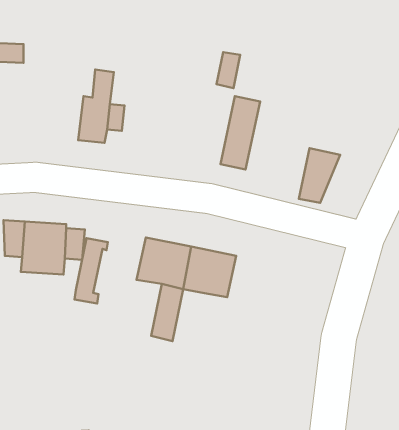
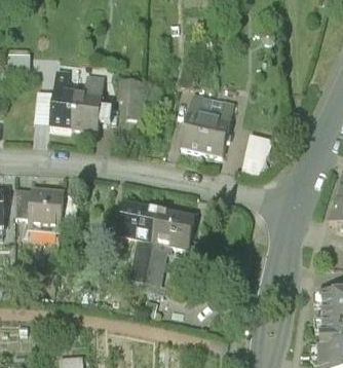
building: none -> [48,71,76,127]
building: none -> [120,84,141,117]
building: none -> [201,98,231,154]
building: [75,238,108,303] -> [144,243,169,293]

